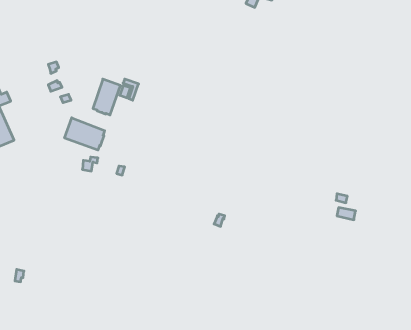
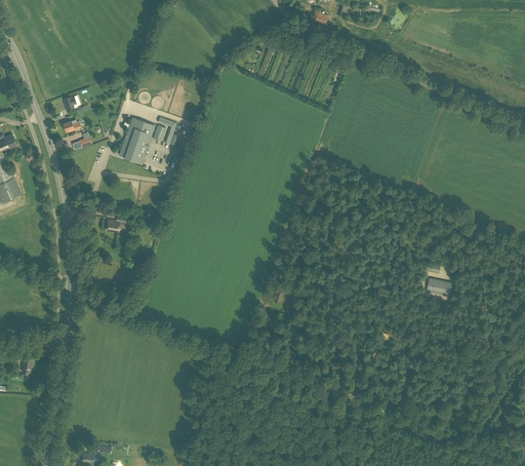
building: [65,118,105,150] -> none

